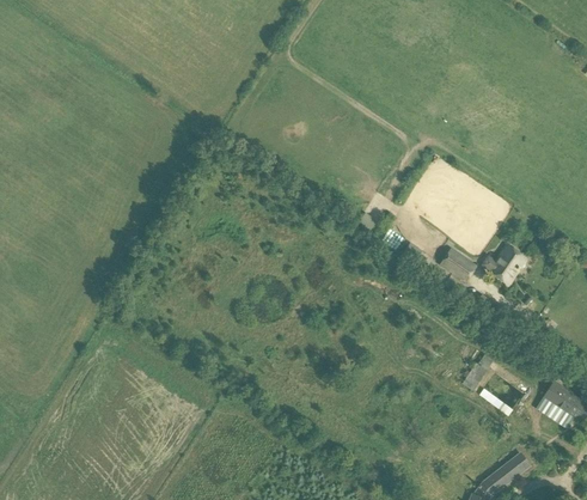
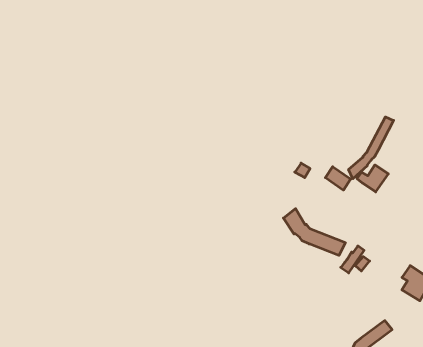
building: none -> [349,117,394,179]
building: none -> [283,209,345,255]

